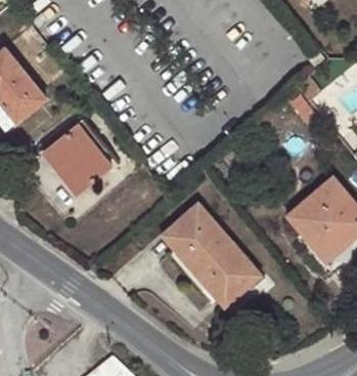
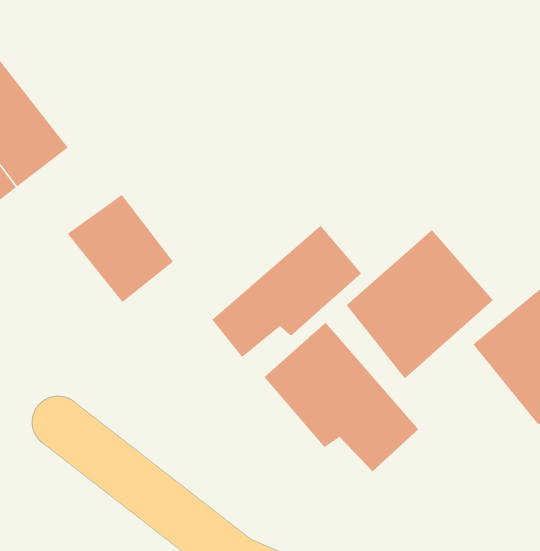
building: none -> [211,225,362,358]
building: none -> [346,229,494,379]

